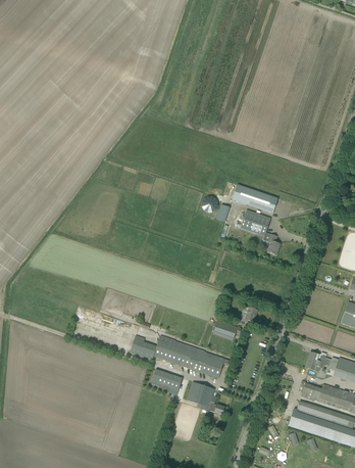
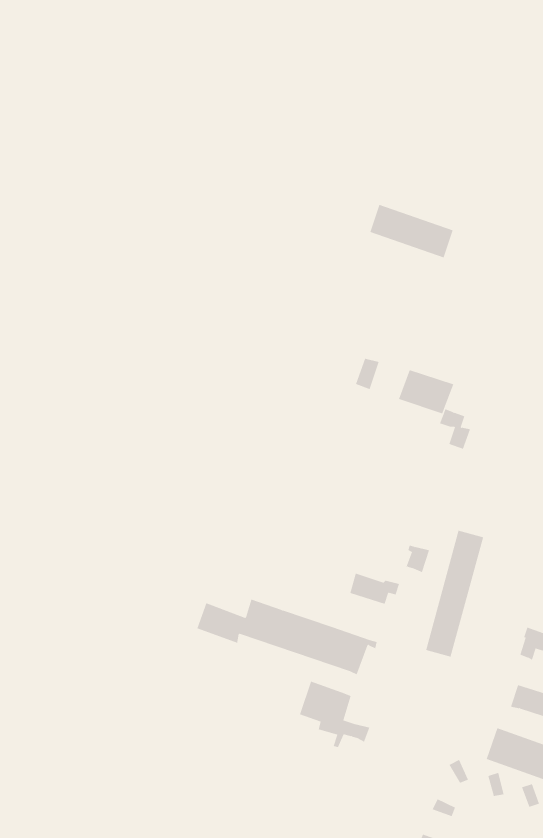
building: [232,183,277,213] -> [369,204,453,258]
building: none -> [425,530,484,658]
building: [151,368,182,393] -> none

